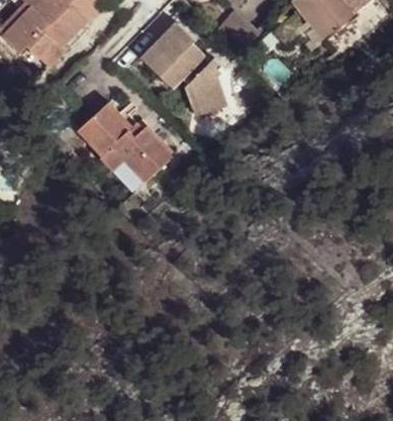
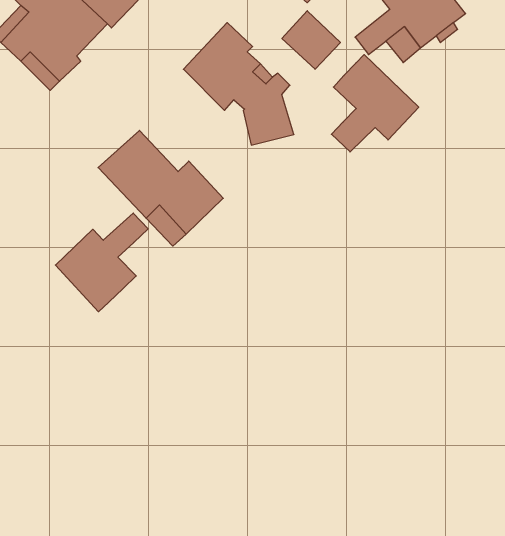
building: none -> [331,55,419,152]
building: none -> [55,213,148,312]

